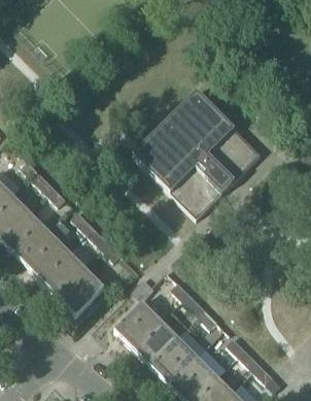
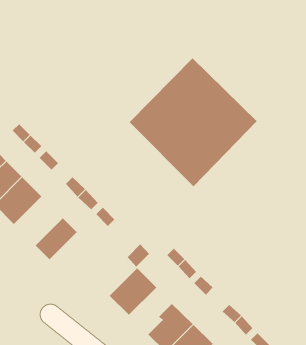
building: [20,230,68,278] -> none
building: [55,265,103,313] -> none
building: [133,320,175,366] -> none

